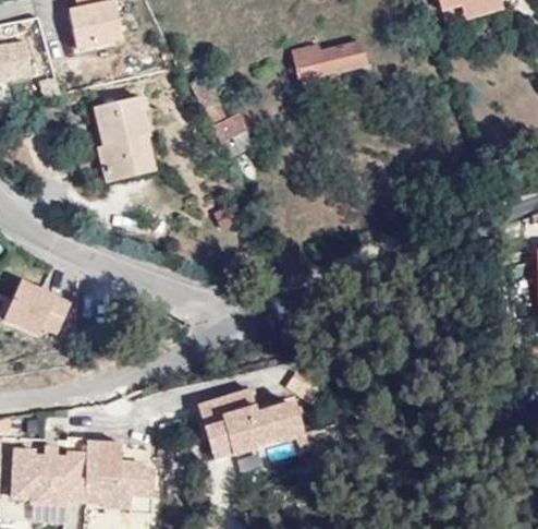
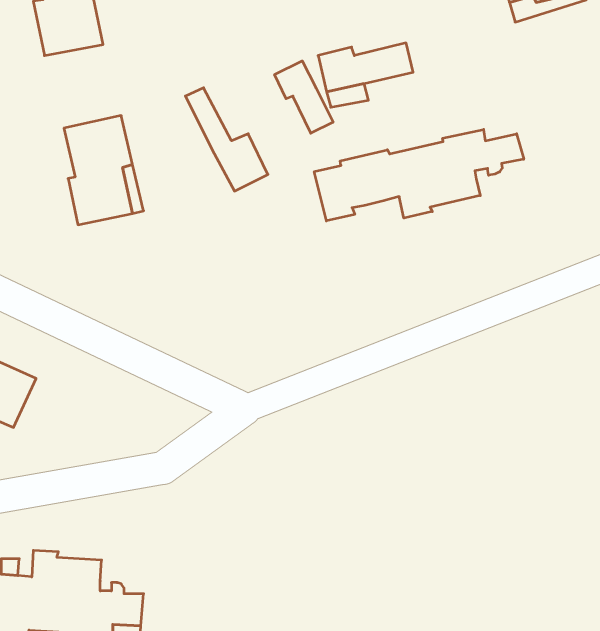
building: none -> [275,61,333,133]
building: none -> [314,129,524,221]
building: [200,388,307,453] -> none

